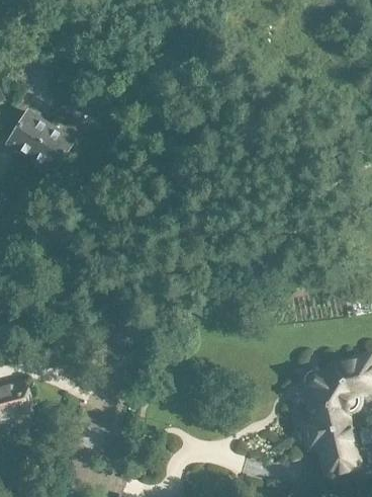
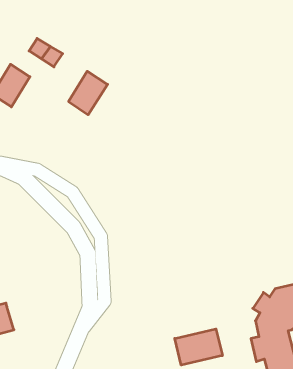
building: [28,122,73,172] -> [69,71,108,115]
building: none -> [175,329,222,365]

